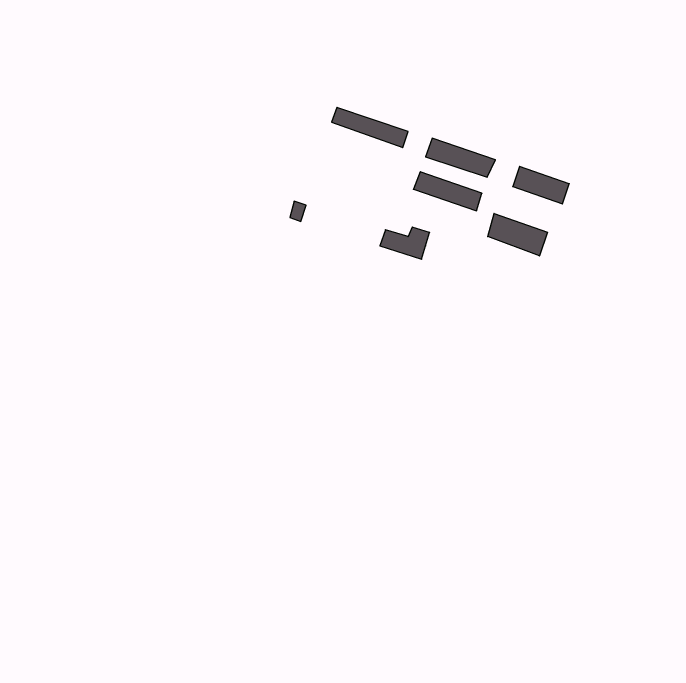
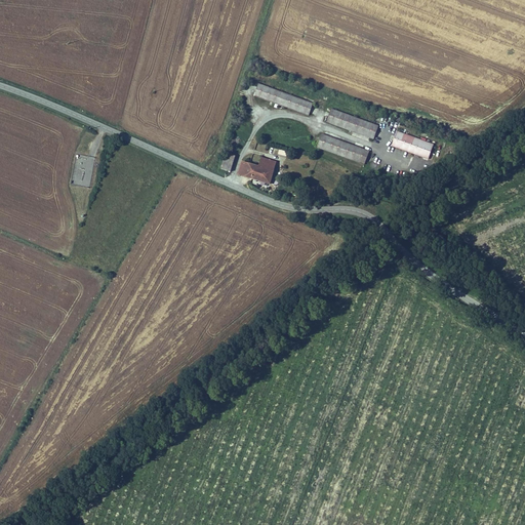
building: [488,213,547,256] -> none
building: [380,227,430,259] -> [237,159,275,184]

